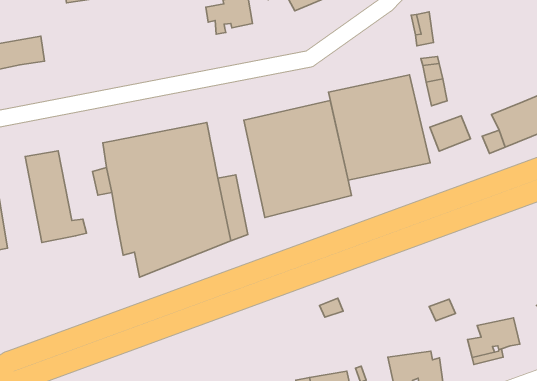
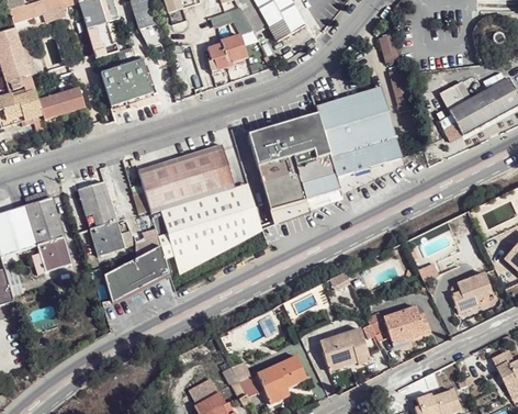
building: none -> [100,60,151,107]
building: [430,116,471,151] -> [440,77,474,108]
building: none -> [106,230,170,306]

